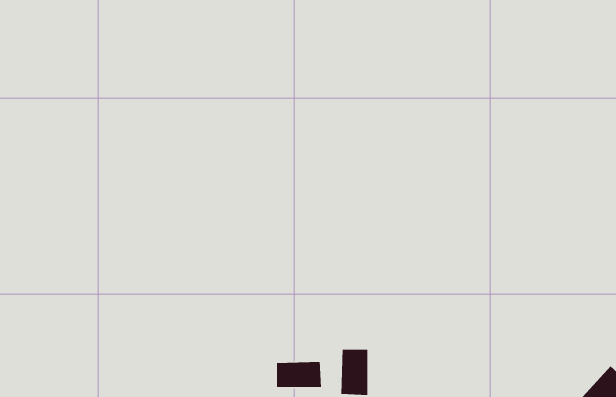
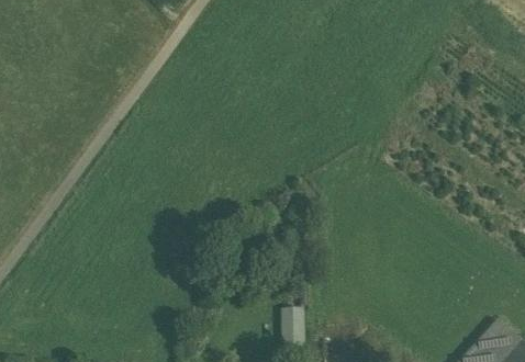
building: [276,361,322,388] -> none

